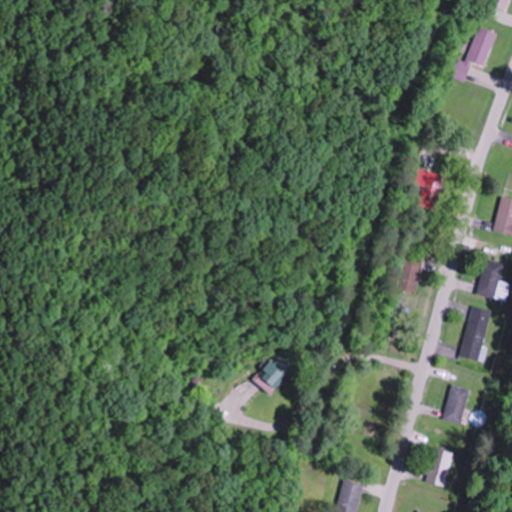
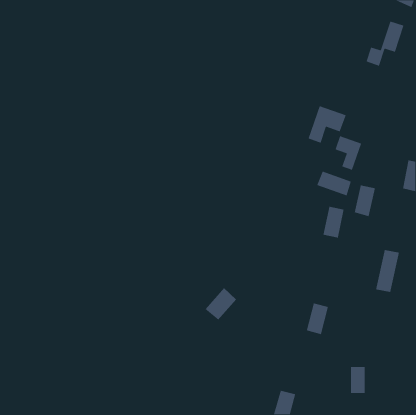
building: none -> [307,105,347,144]
building: none -> [316,170,352,196]
building: [477,259,504,299] -> [354,184,376,217]
building: [443,384,471,424] -> [306,302,329,335]

